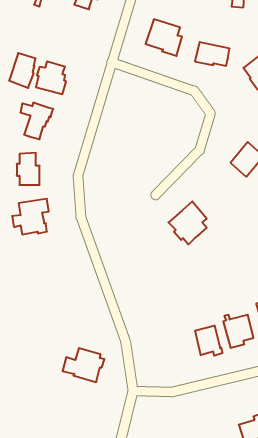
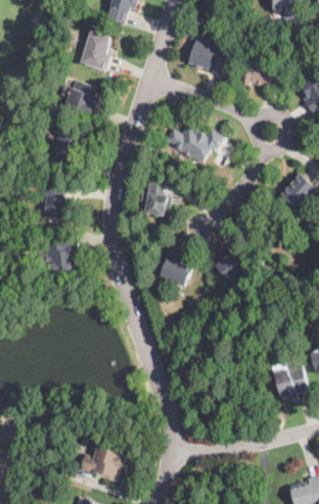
building: [9,53,36,88] -> [79,32,108,71]
building: none -> [166,125,222,163]
building: none -> [138,177,171,216]
building: none -> [156,250,194,287]
building: [195,325,222,356] -> none
building: [62,348,104,382] -> [78,443,125,480]

